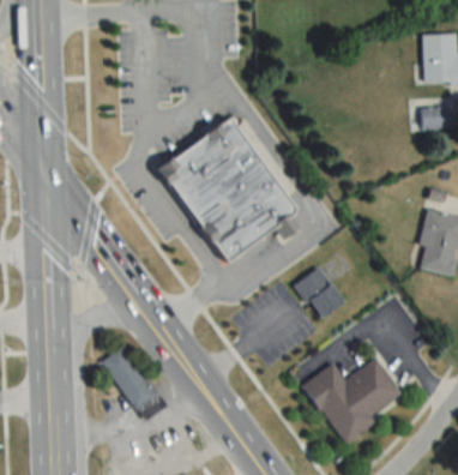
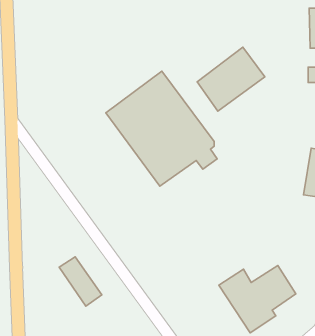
building: none -> [197,47,265,111]
building: [295,266,345,320] -> none

